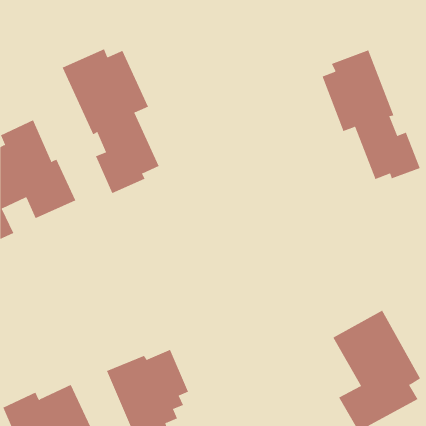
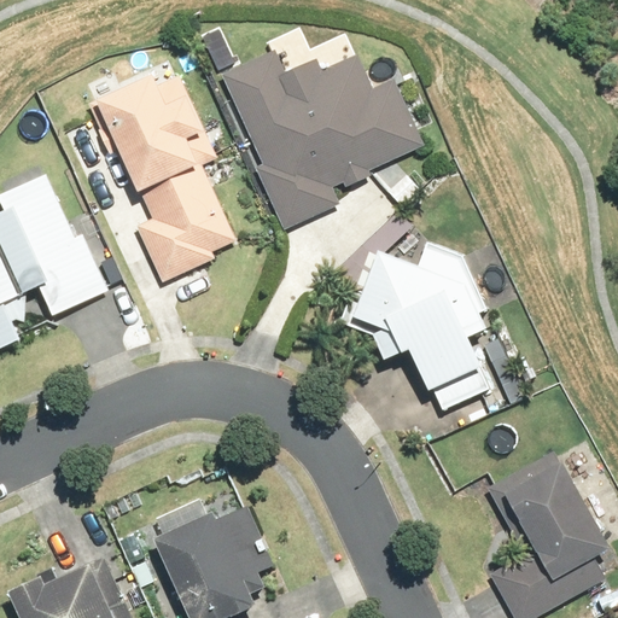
building: none -> [221,48,425,231]
building: [322,49,421,180] -> none
building: none -> [339,244,489,410]

